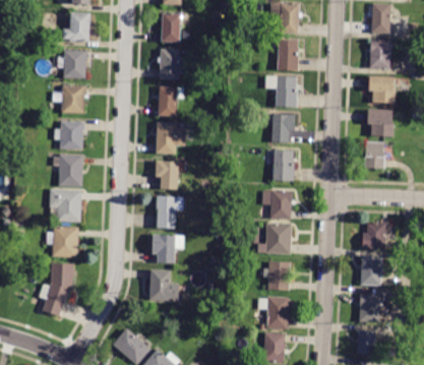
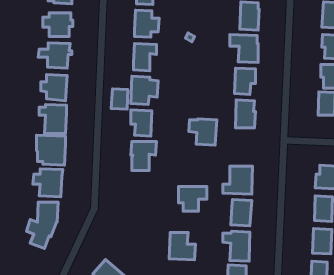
building: none -> [111,89,128,109]
building: [262,189,294,219] -> [189,119,217,145]
building: [153,235,184,262] -> [179,187,207,211]
building: [149,269,179,300] -> [169,233,195,260]

